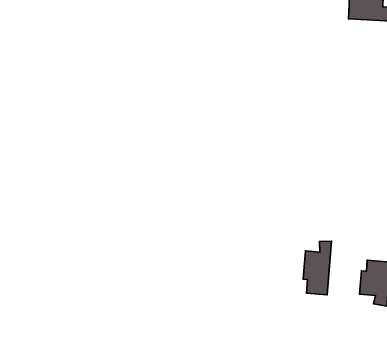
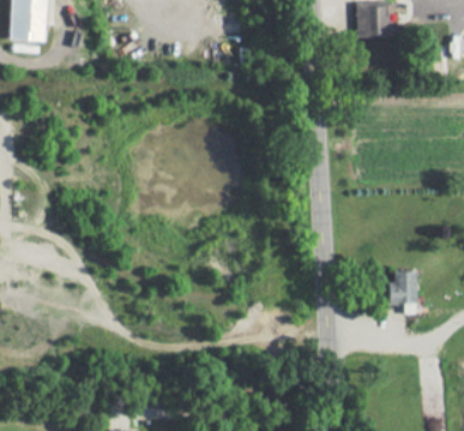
building: [303,241,332,295] -> none

